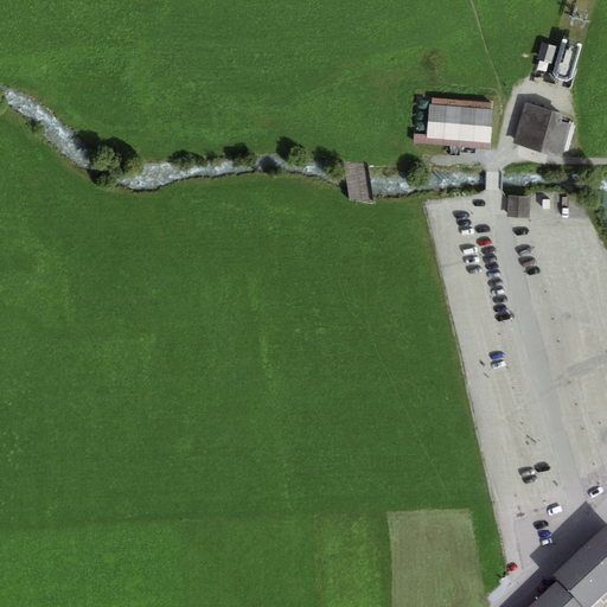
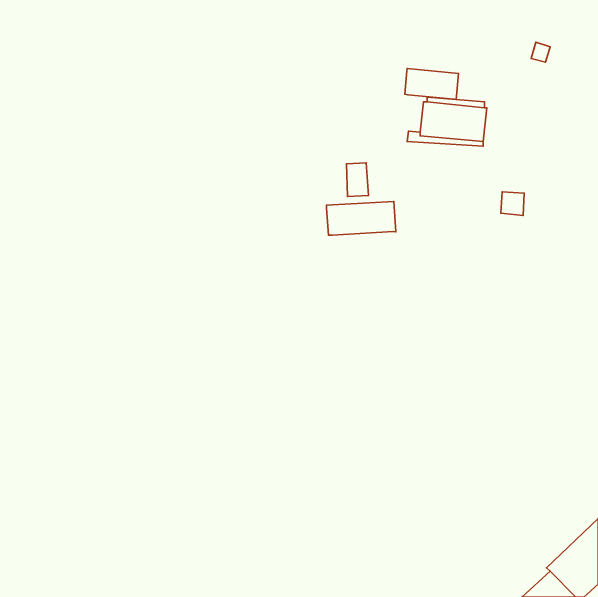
building: none -> [405,68,458,100]
building: [513,102,570,153] -> none
building: none -> [326,202,396,235]

